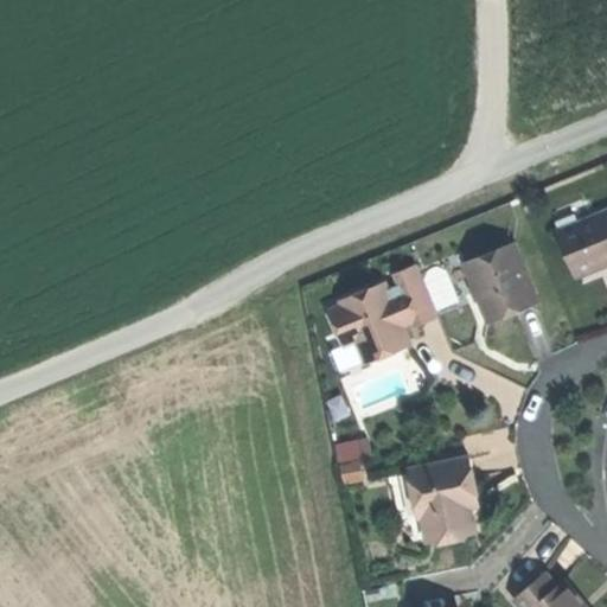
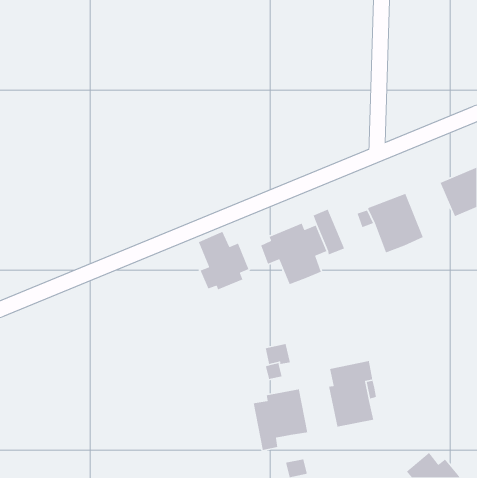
building: none -> [198,231,250,290]
building: none -> [253,388,308,451]

